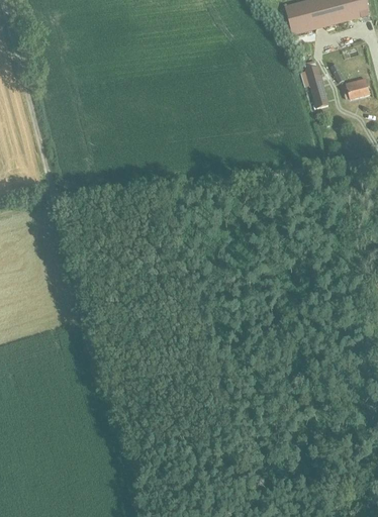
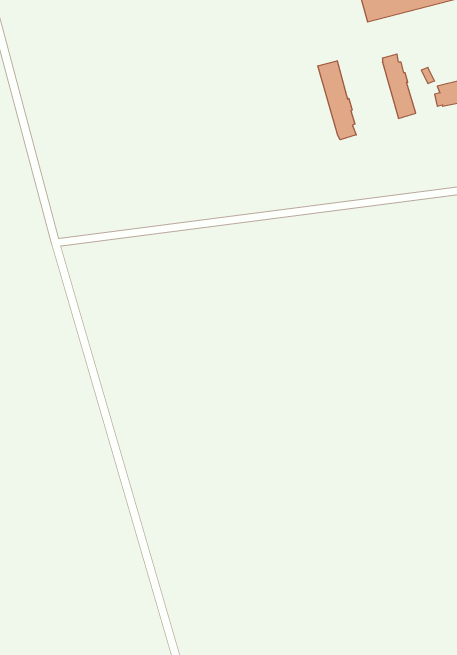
building: none -> [318,61,356,140]

